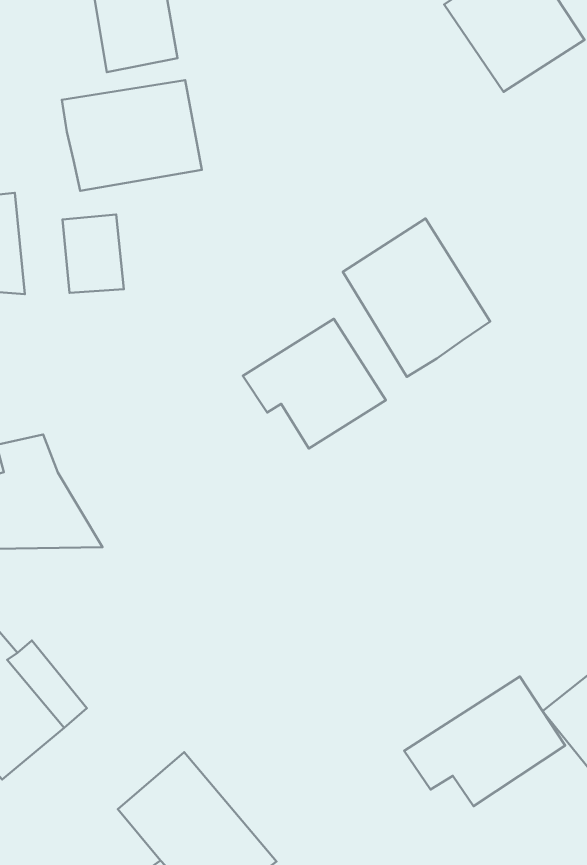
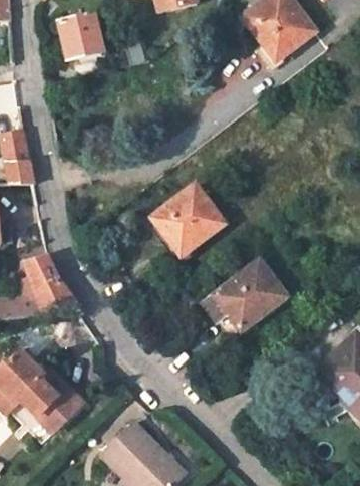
building: [62,80,202,191] -> none
building: [62,214,124,293] -> none
building: [343,218,490,377] -> none
building: [404,676,565,806] -> [201,262,284,331]

